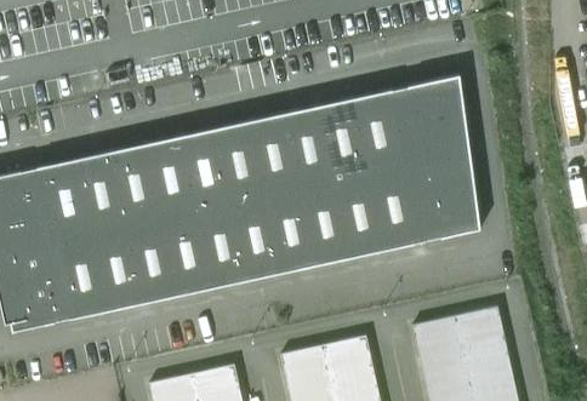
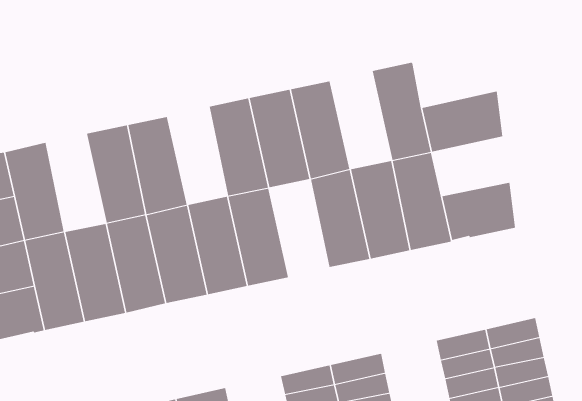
building: [393,75,465,128] -> none
building: [323,97,375,181] -> none
building: [184,127,235,211] -> none
building: [81,150,132,234] -> none
building: [409,153,475,204] -> none
building: [270,189,321,273] -> none

